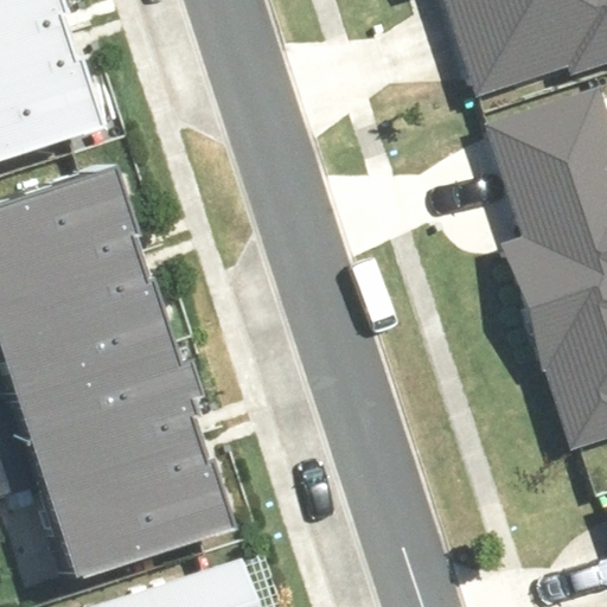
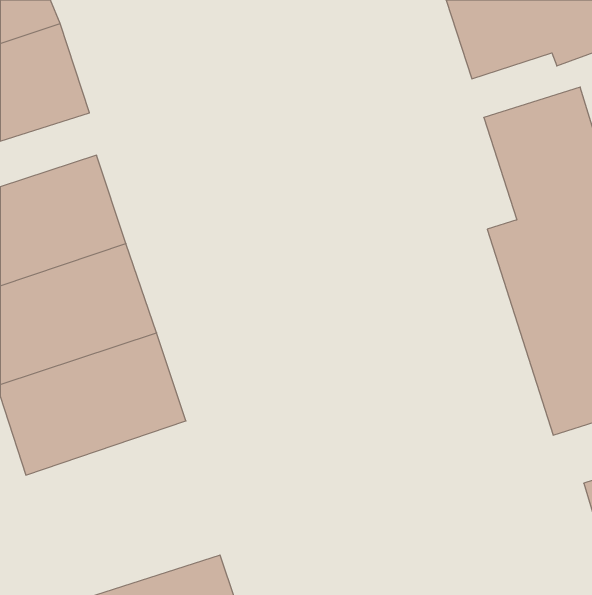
building: [36,430,226,574] -> none

